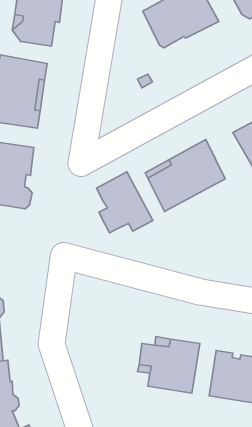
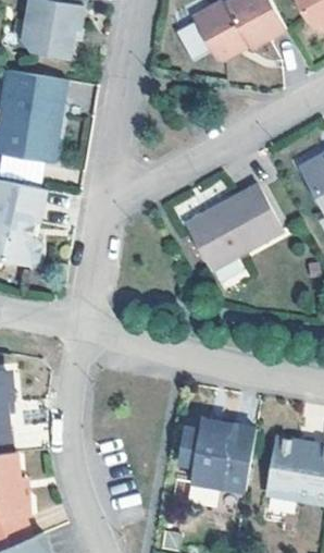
building: [97,172,153,233] -> none

